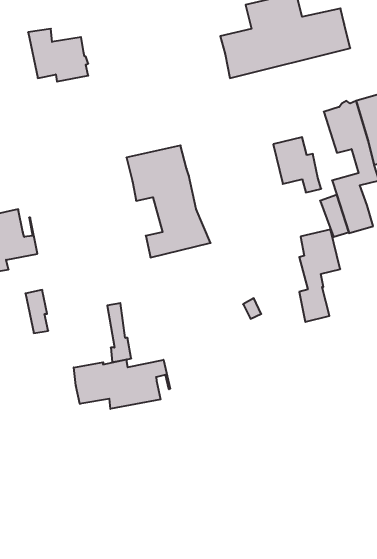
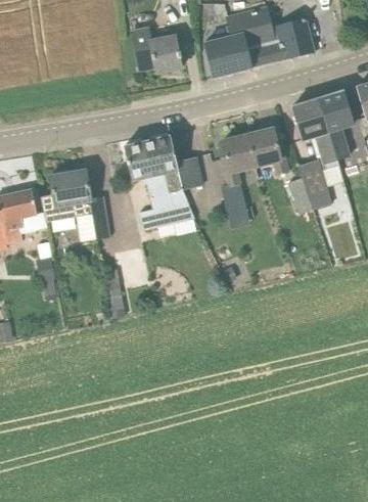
building: [28,29,88,82] -> [131,27,182,72]
building: none -> [177,155,204,189]
building: none -> [42,169,110,238]
building: [299,229,340,322] -> [222,134,257,213]
building: [74,359,170,409] -> none

